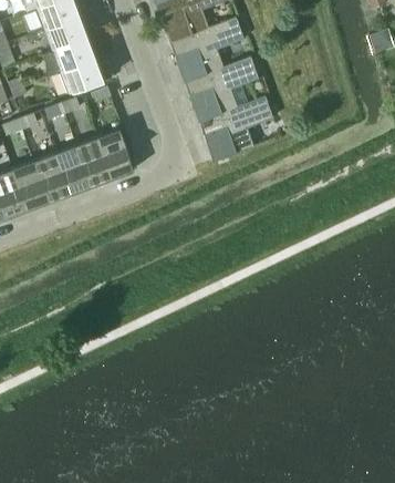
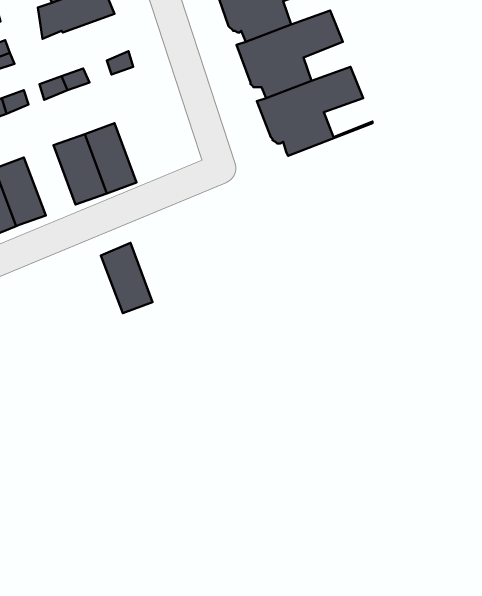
building: [61,59,105,94] -> none
building: [97,127,134,178] -> none
building: [33,152,70,202] -> [101,243,152,313]

